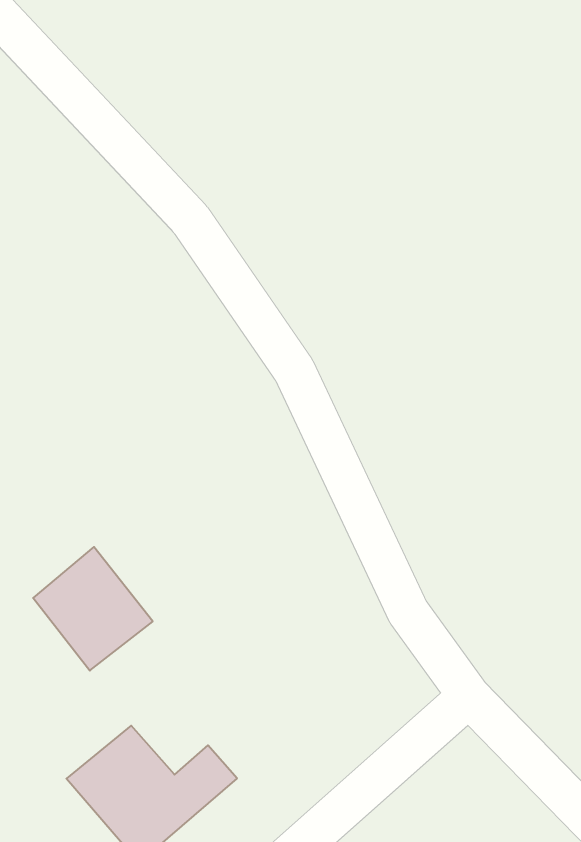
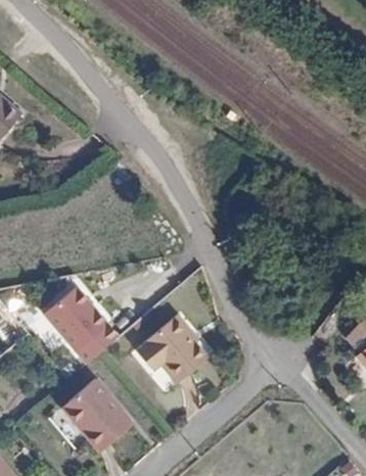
building: none -> [136,312,207,379]

